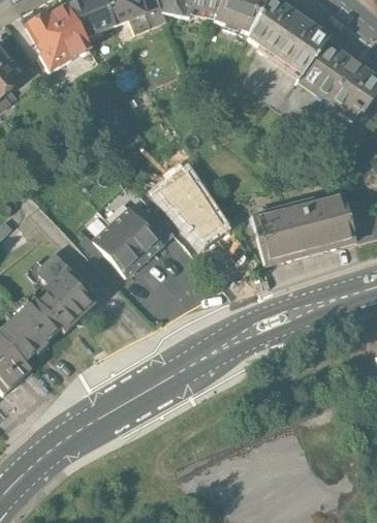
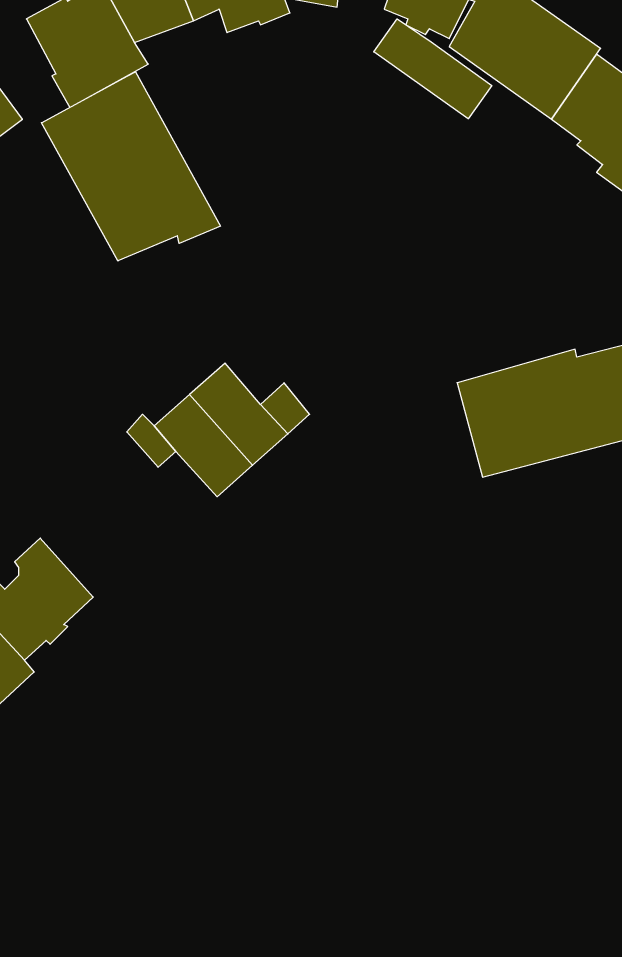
building: none -> [374,19,492,119]
building: none -> [41,72,220,261]
building: [156,171,224,242] -> none
building: [33,250,99,332] -> none

